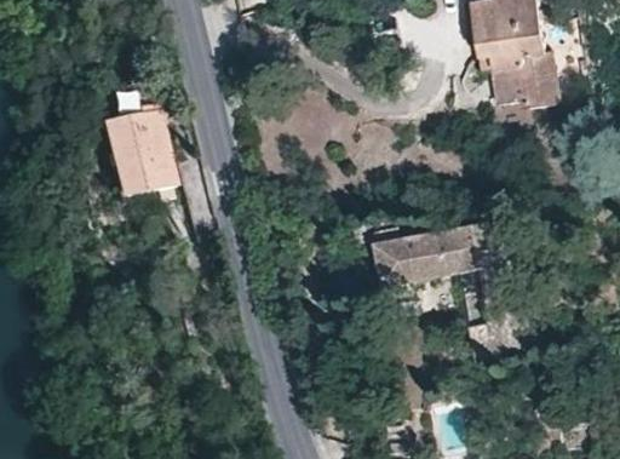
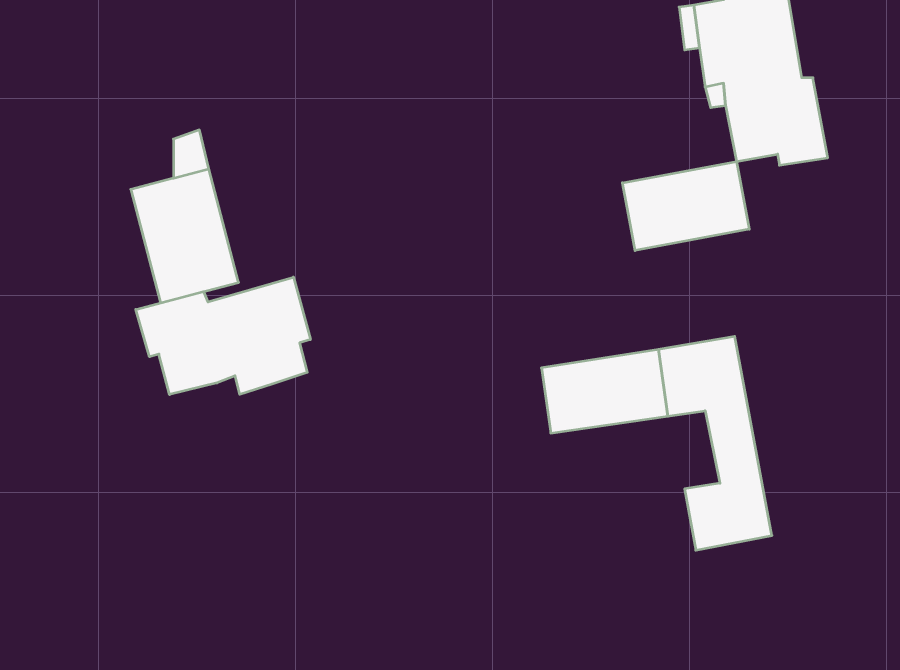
building: none -> [622,161,749,251]
building: none -> [136,277,310,395]

